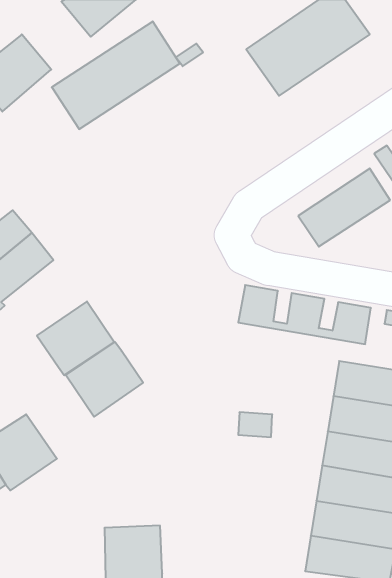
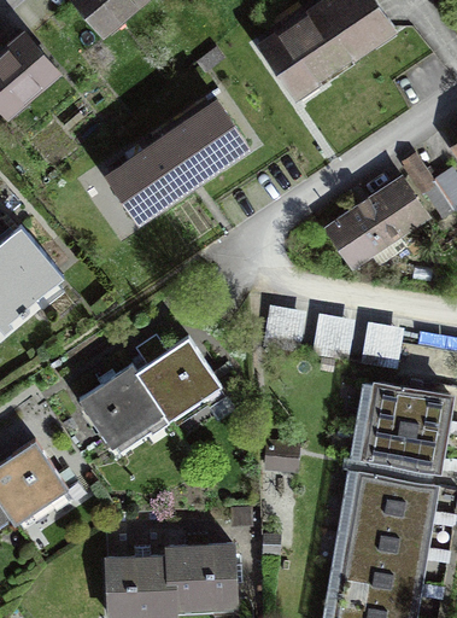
building: [52,21,180,129] -> [104,101,240,216]
building: [37,301,114,375] -> [135,338,217,416]
building: none -> [176,552,238,611]

